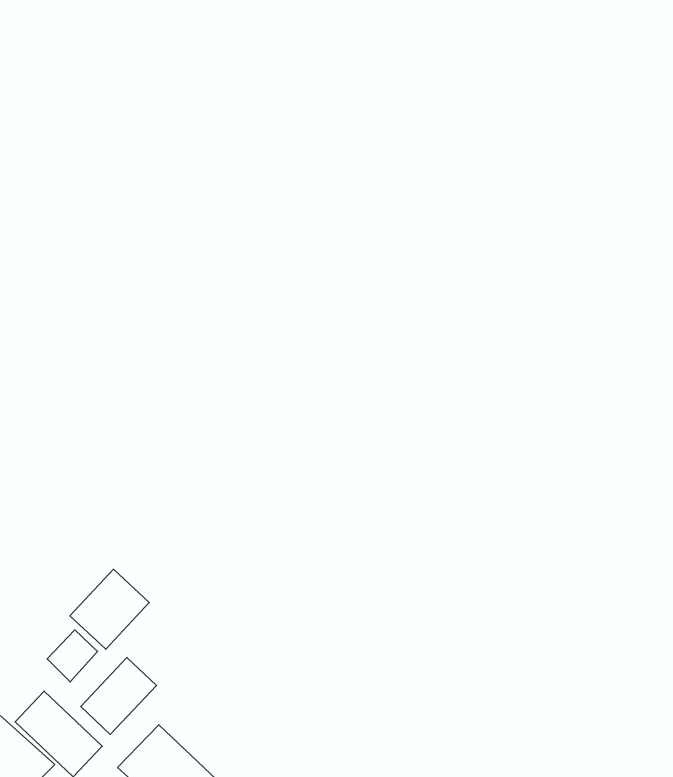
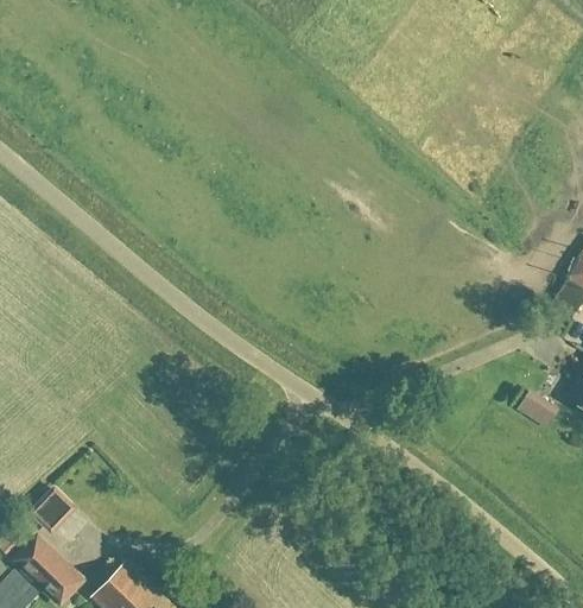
building: [70,569,149,649] -> none
building: [81,658,157,734] -> none

